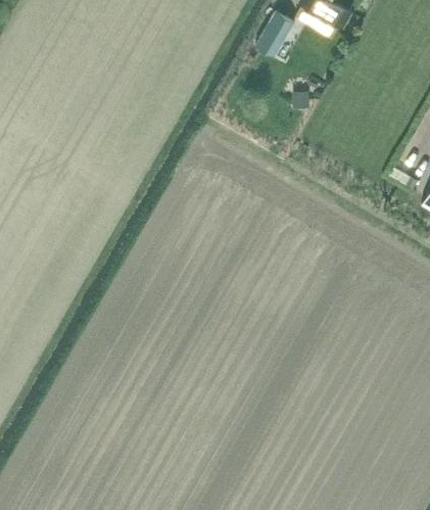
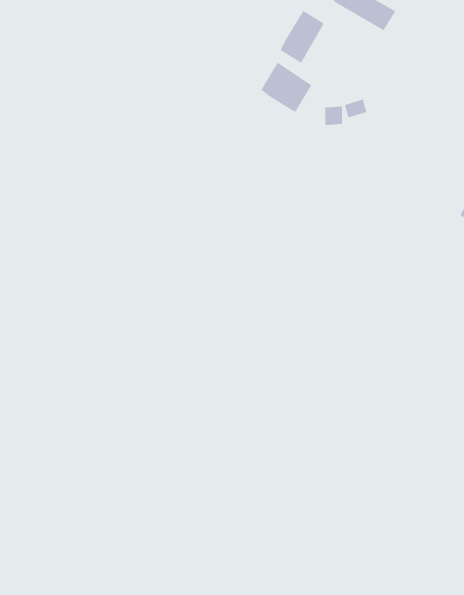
building: none -> [261,62,312,113]

